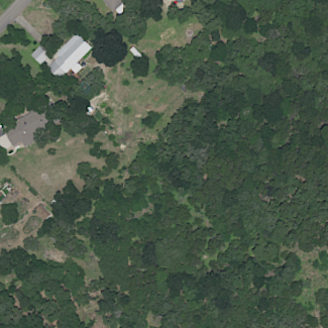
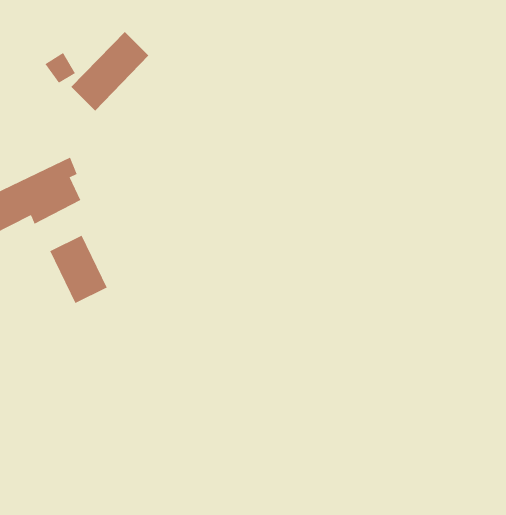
building: none -> [50,235,108,304]

